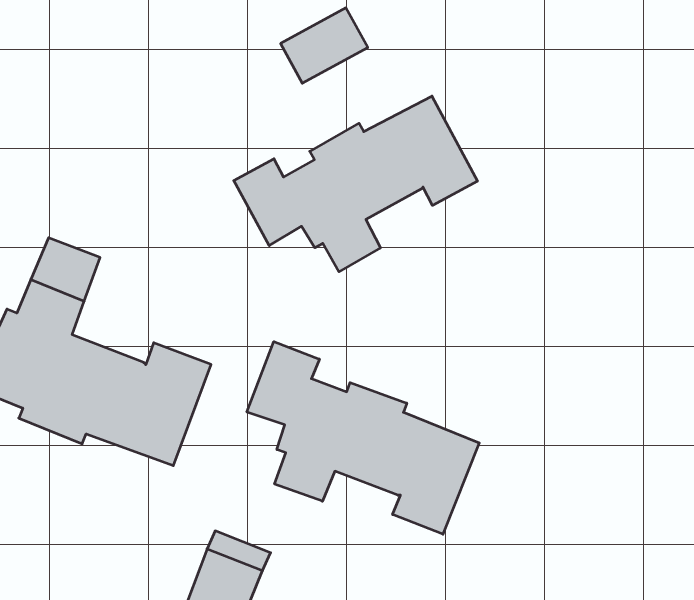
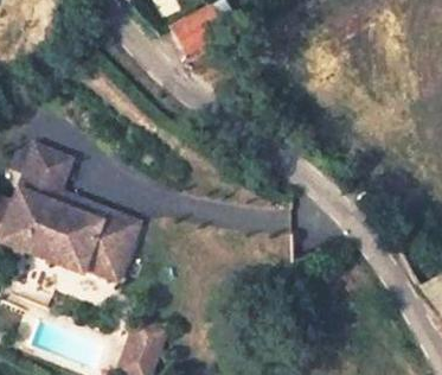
building: [234,96,477,272] -> none
building: [247,342,479,534] -> none

